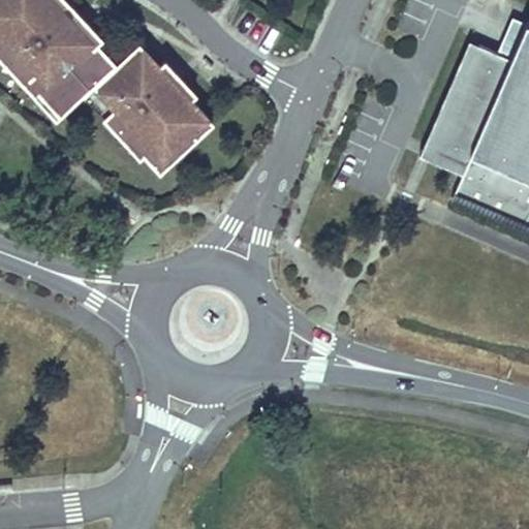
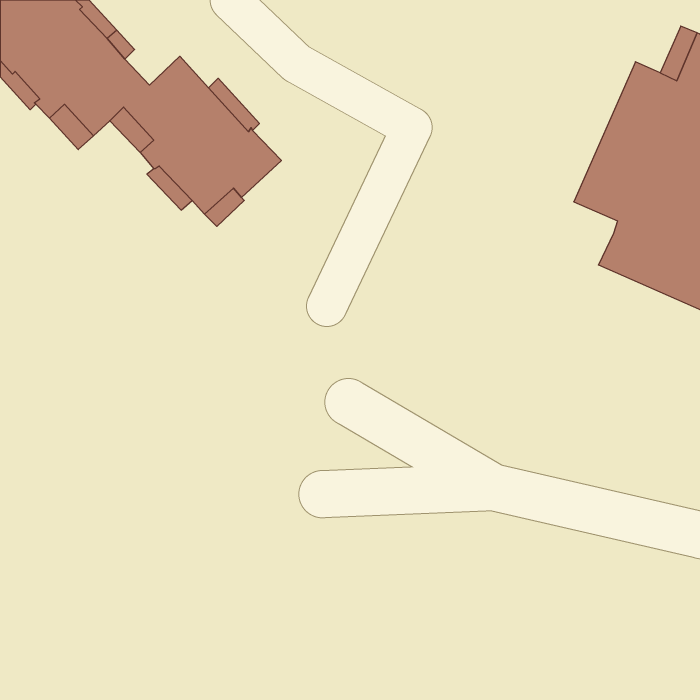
building: [419,43,479,177] -> none

